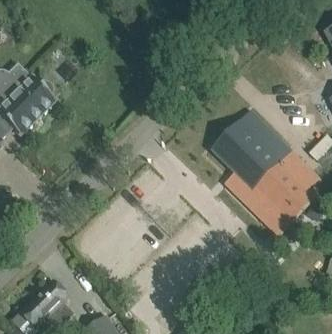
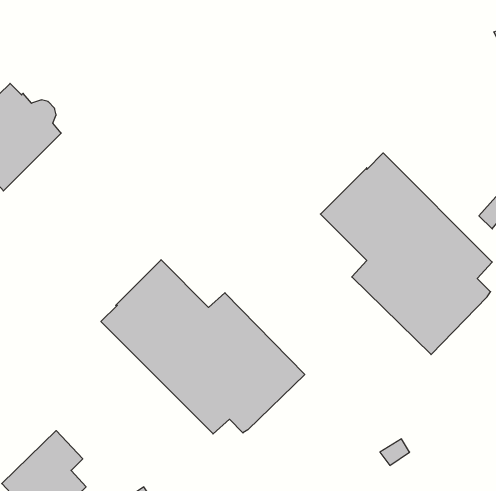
building: none -> [101,260,305,434]

